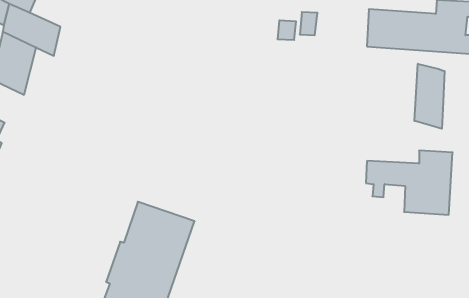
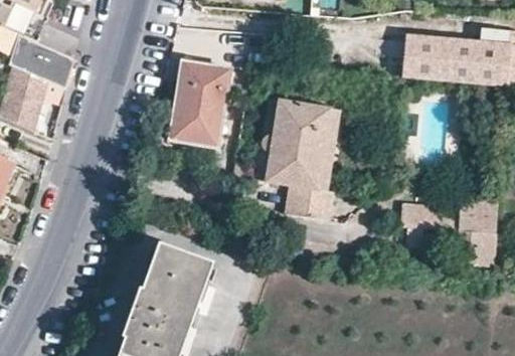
building: none -> [169,60,231,148]
building: [414,64,445,129] -> none
building: none -> [255,98,342,219]

